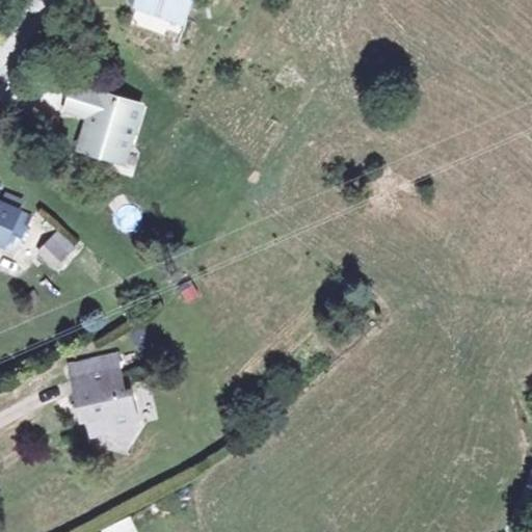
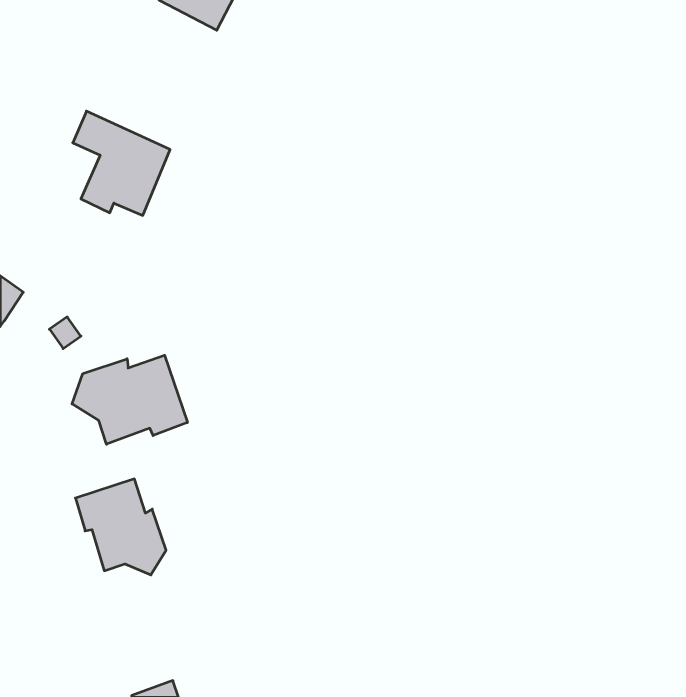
building: none -> [72,355,187,444]

